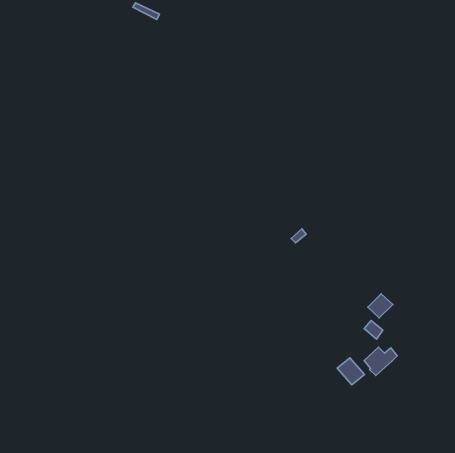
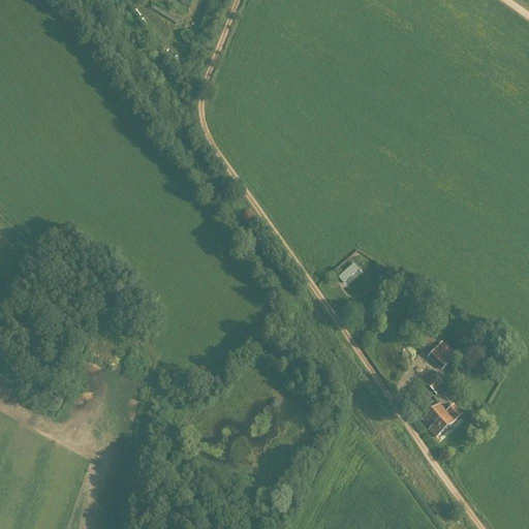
building: [337,358,364,385] -> none

